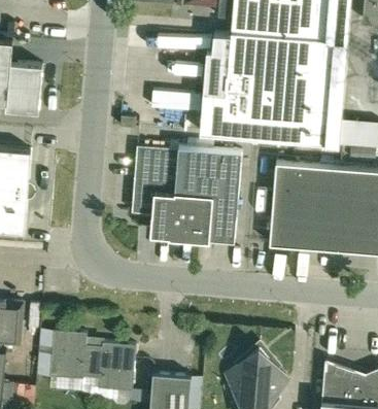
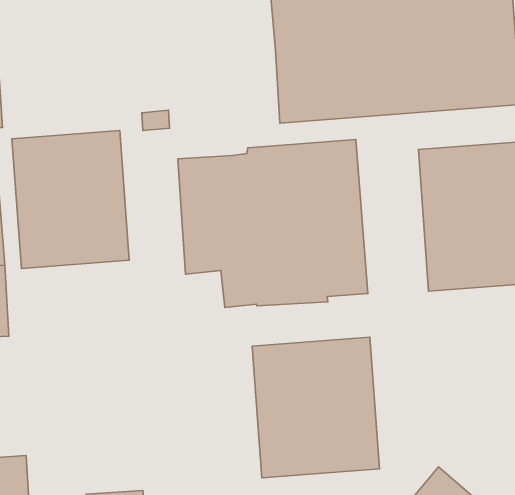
building: none -> [12,131,129,268]
building: none -> [252,337,380,478]

